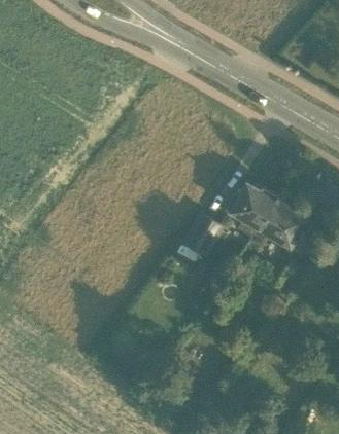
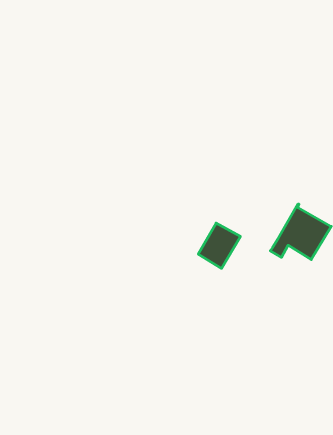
building: [231,181,279,239] -> none

